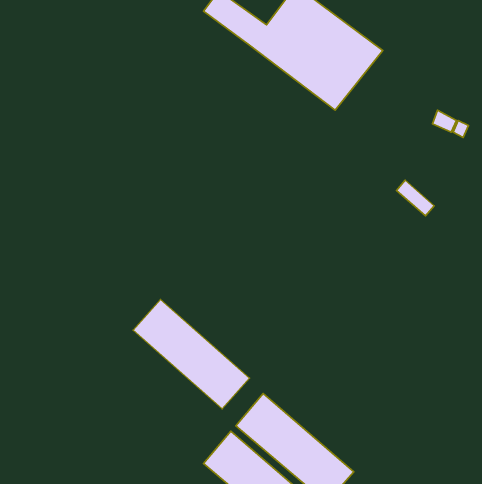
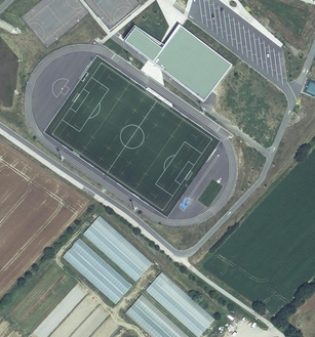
building: none -> [62,237,132,302]

